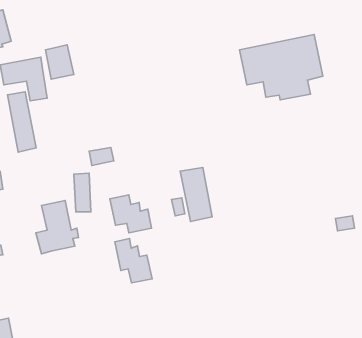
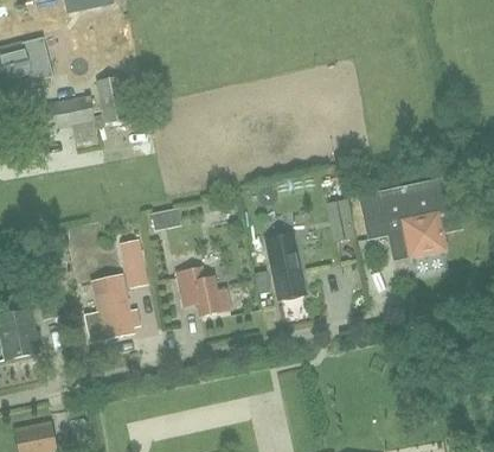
building: [239,34,323,100] -> [358,177,462,259]
building: [7,92,36,152] -> none
building: [115,239,152,283] -> none

